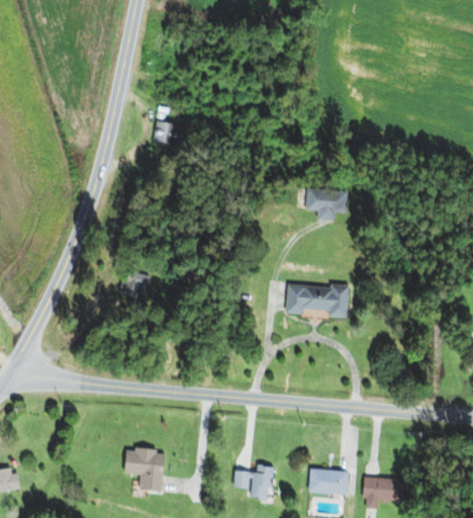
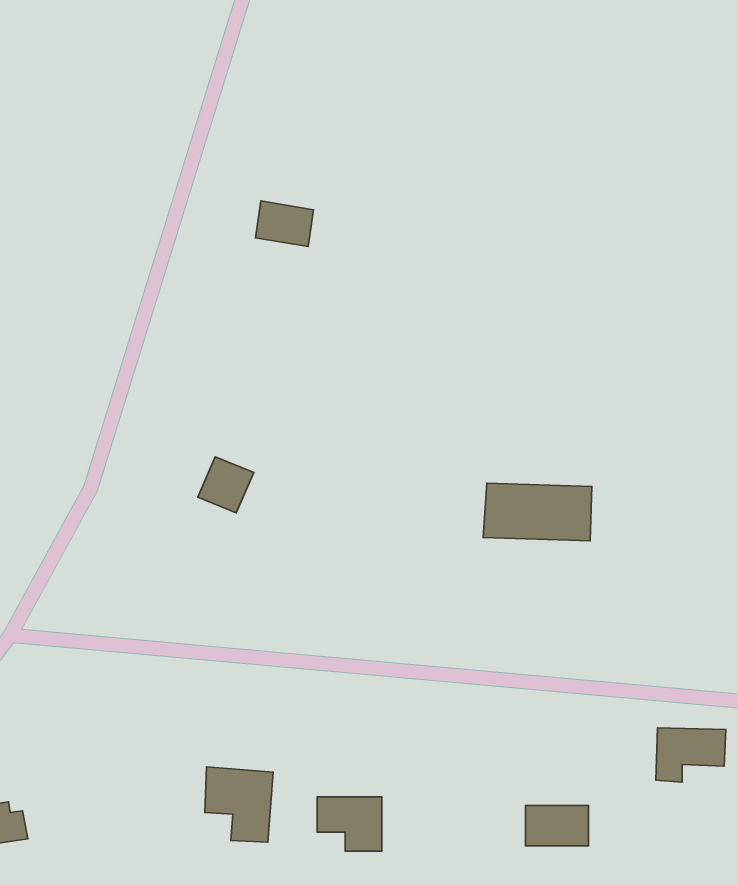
building: [306,188,348,219] -> none
building: [234,467,272,499] -> [317,797,382,851]
building: [363,478,403,509] -> [656,728,726,782]

